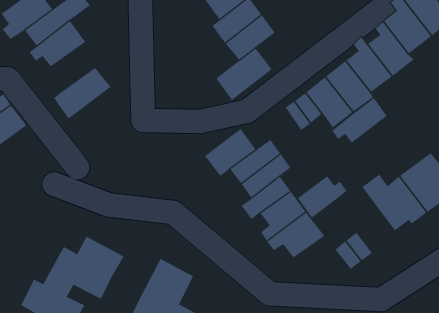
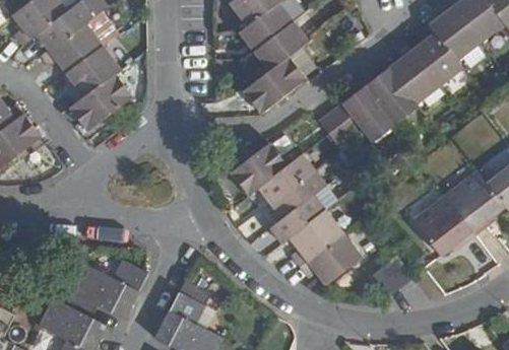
building: none -> [65,49,121,104]
building: [332,97,387,144] -> none
building: [297,175,347,218] -> none

